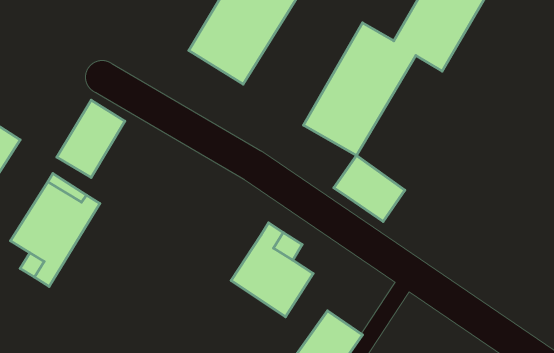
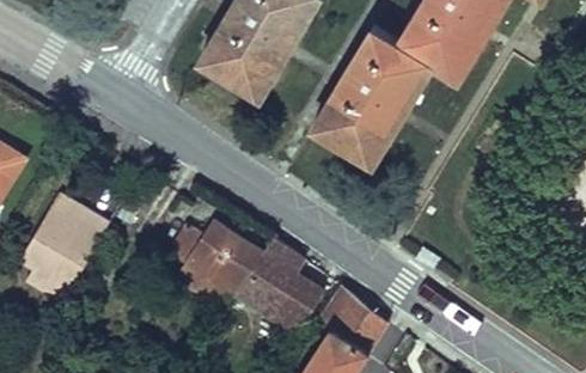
building: [57,100,125,178] -> none
building: [334,155,405,222] -> [321,286,391,351]
building: none -> [170,218,269,298]

